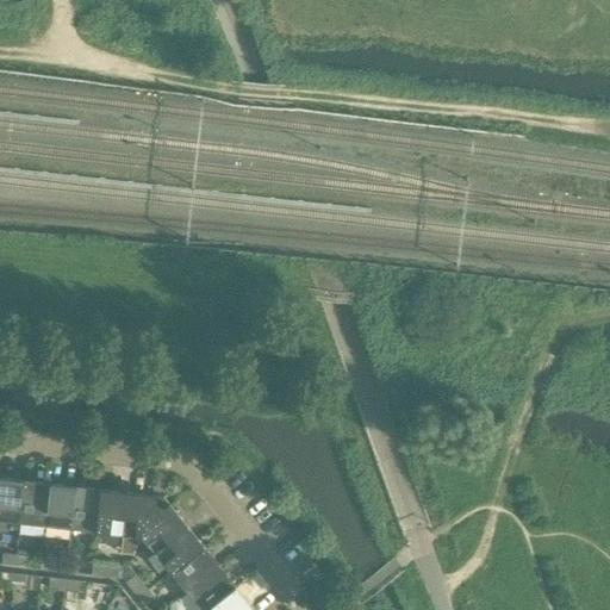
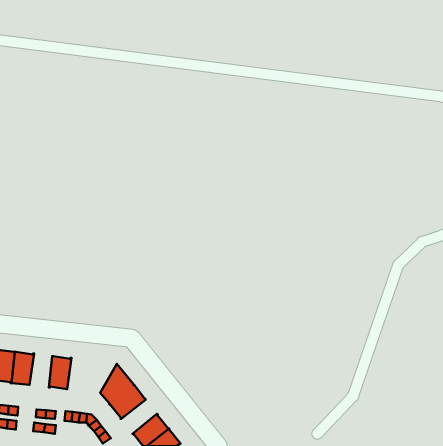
building: [41,483,71,529] -> none
building: [92,488,160,536] -> none
building: [166,546,214,592] -> none

